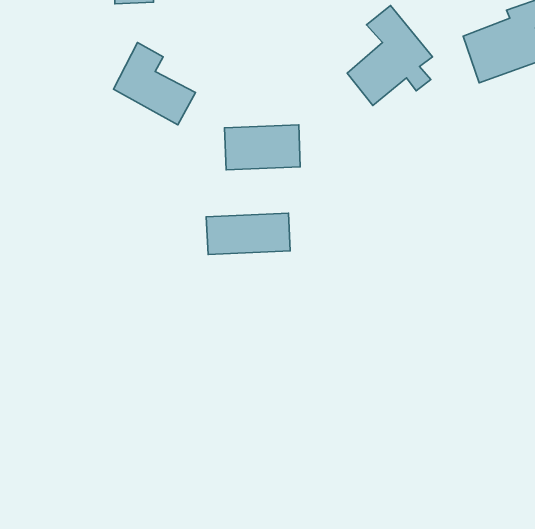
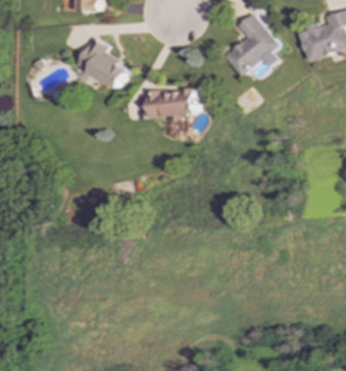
building: [206,213,290,254] -> none

